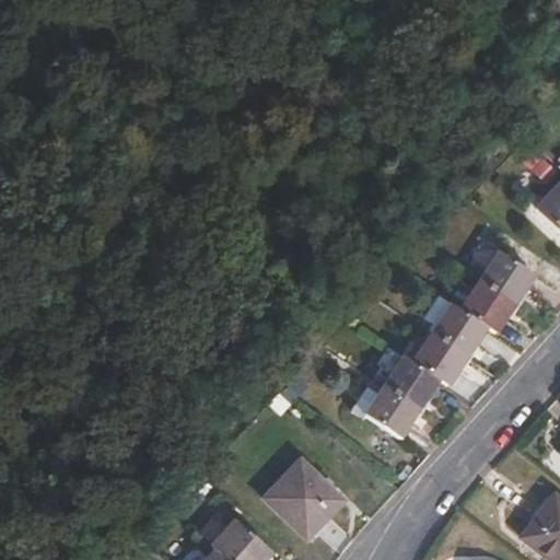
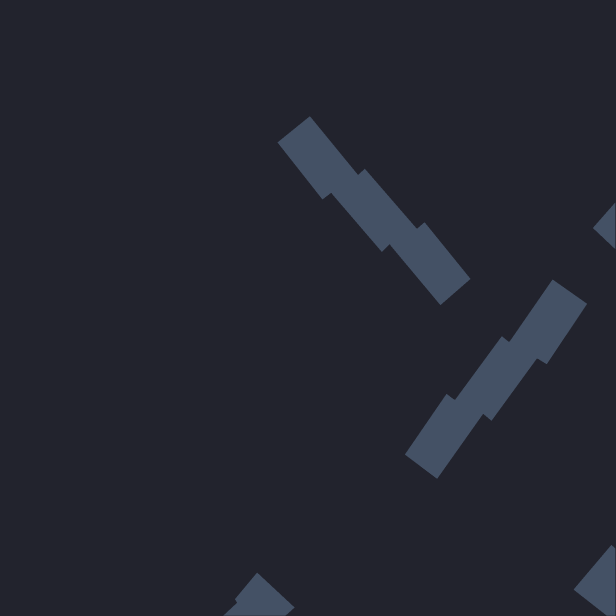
building: none -> [277,115,472,306]
building: [262,458,341,537] -> none

